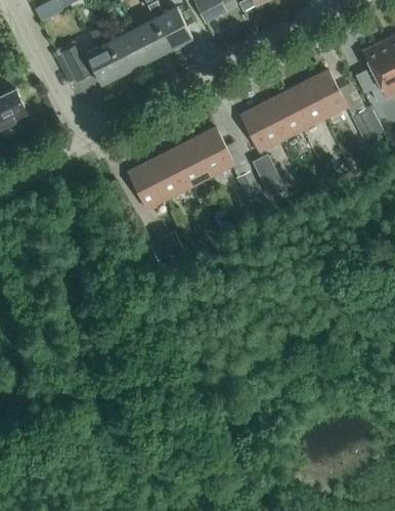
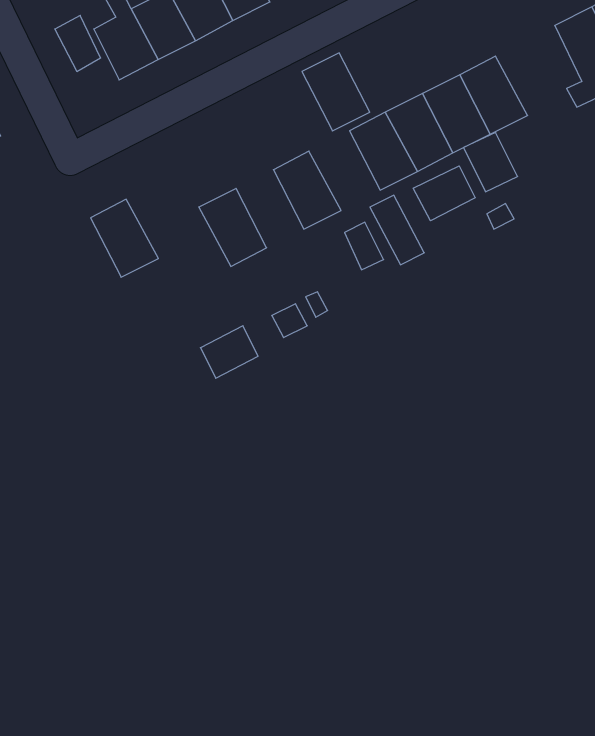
building: [350,107,383,142] -> [463,132,518,192]
building: none -> [413,166,475,221]
building: [171,139,212,186] -> [302,53,370,131]
building: [127,162,168,209] -> [91,199,158,277]

